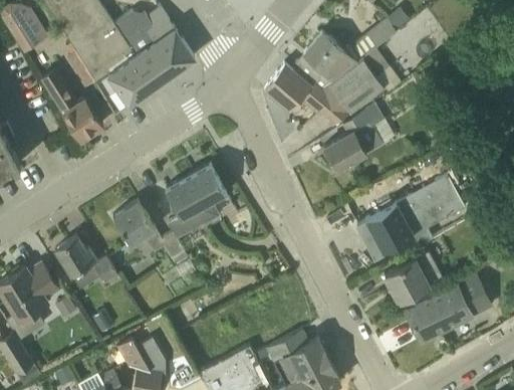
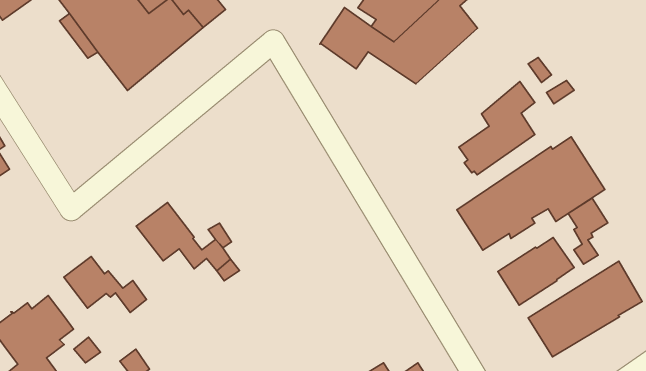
building: [41,68,102,139] -> none
building: [323,102,383,170] -> [459,81,535,175]
building: [165,164,226,230] -> none
building: none -> [568,198,608,264]

